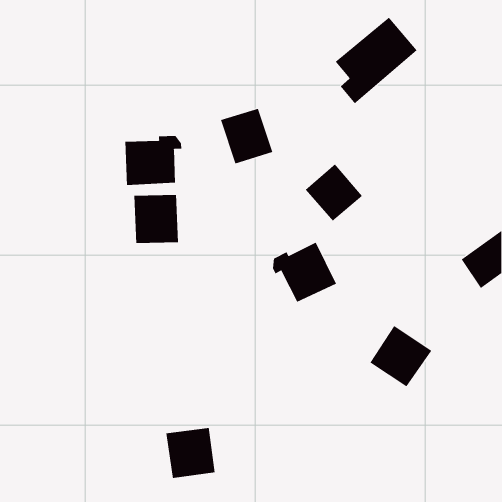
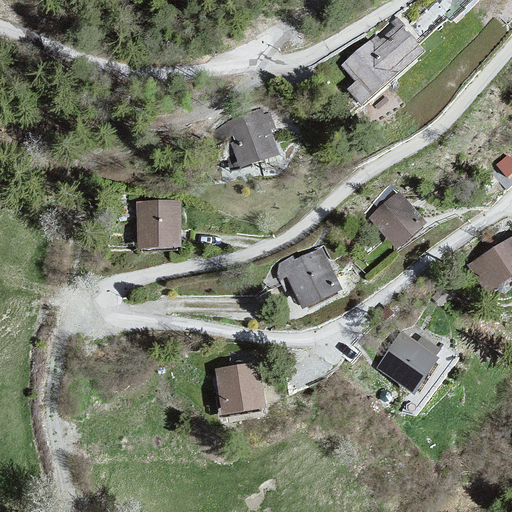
building: [125,135,182,186] -> none
building: [305,163,363,221] -> [368,191,427,250]
building: [165,427,216,478] -> [214,362,265,414]

